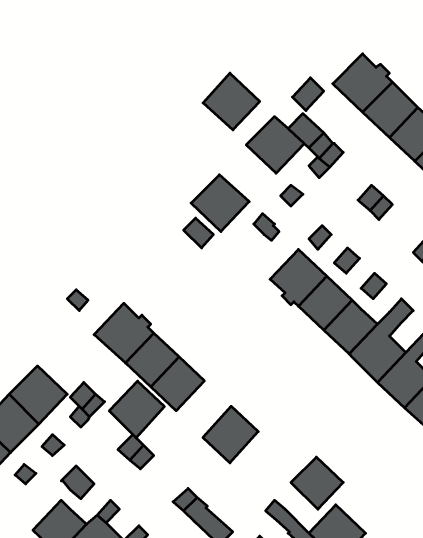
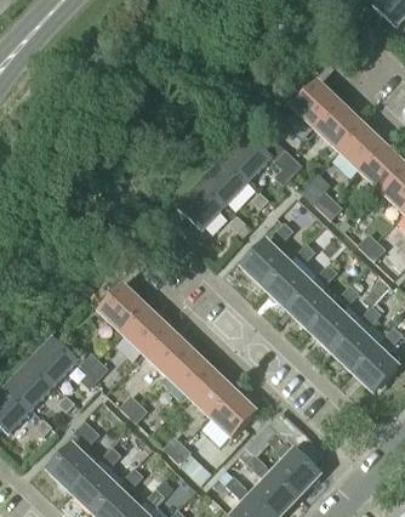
building: [203,73,260,130] -> [201,157,247,203]
building: [109,381,164,438] -> [166,348,211,394]
building: none -> [201,390,255,441]

